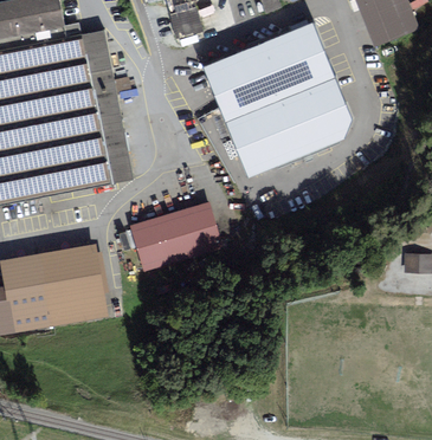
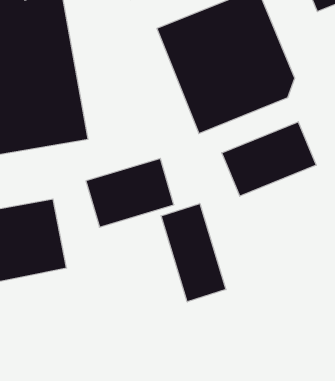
building: none -> [222,122,316,196]
building: none -> [161,203,226,302]

